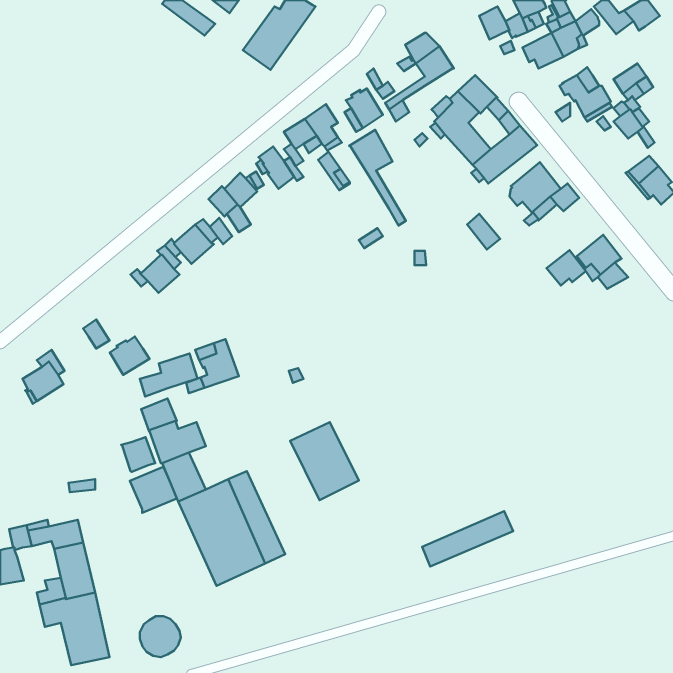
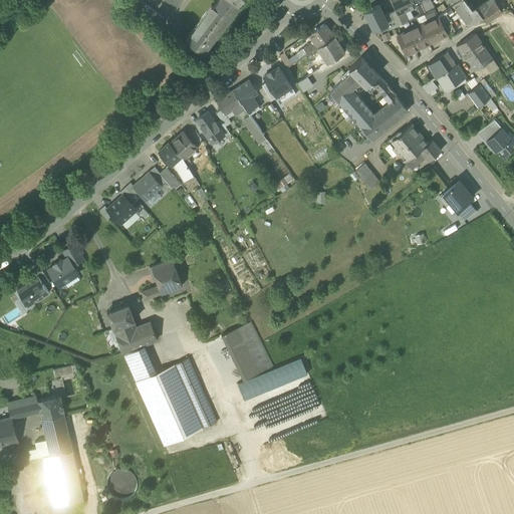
building: none -> [458,34,486,61]
building: [349,130,406,226] -> none
building: [546,250,586,286] -> none
building: [110,337,149,375] -> [49,257,79,286]
building: [140,353,197,397] -> none
building: [121,437,155,472] -> none
building: [130,467,177,513] -> none
building: [422,511,513,567] -> [239,357,308,400]

